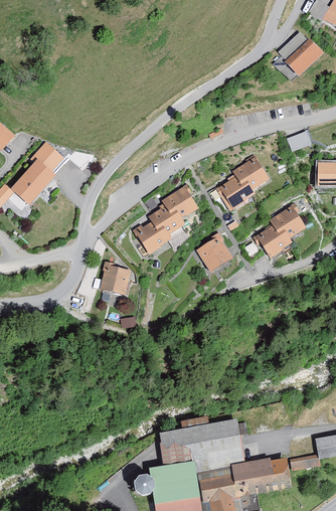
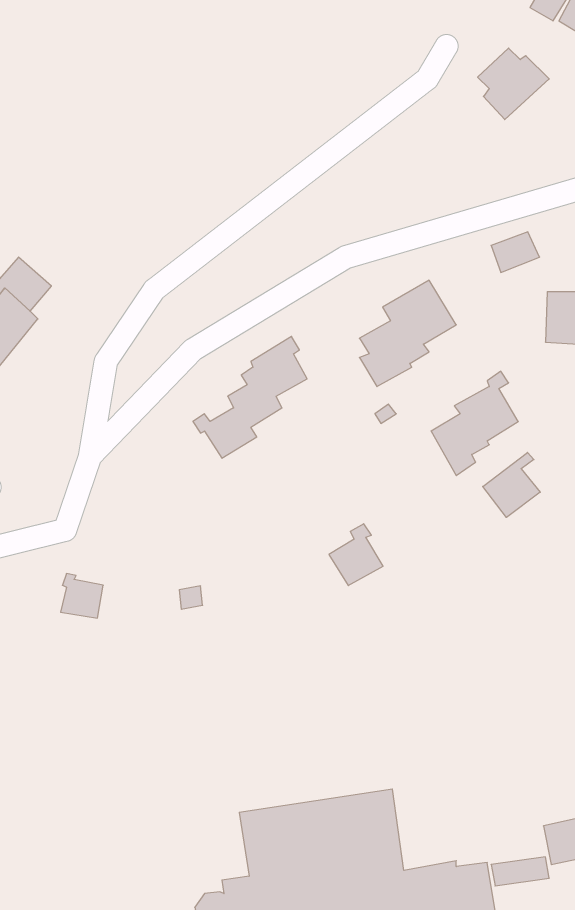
building: [200,234,228,267] -> [329,524,383,586]
building: none -> [483,452,540,517]
building: [103,266,125,289] -> [61,574,103,618]

